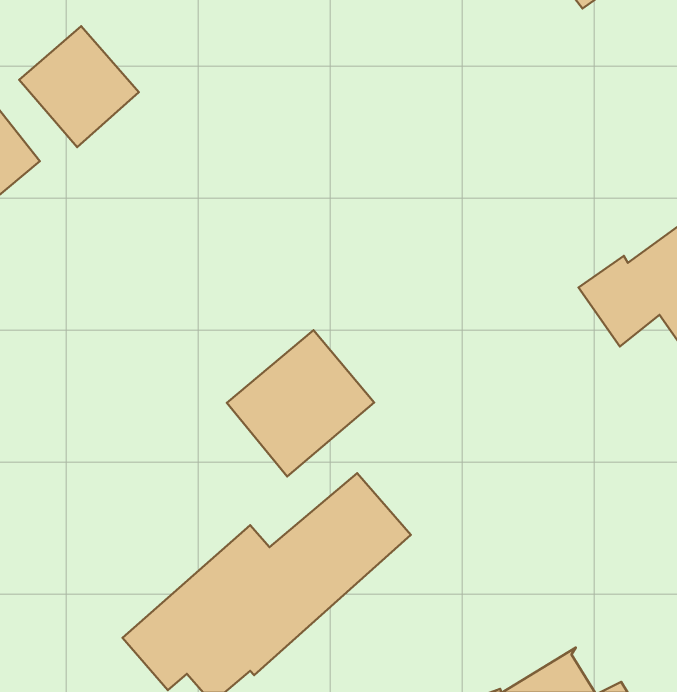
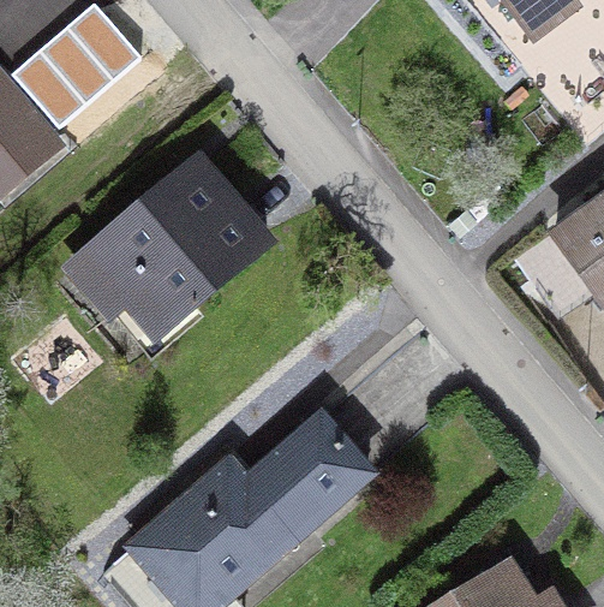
building: none -> [71,157,263,331]
building: [227,330,374,477] -> none

